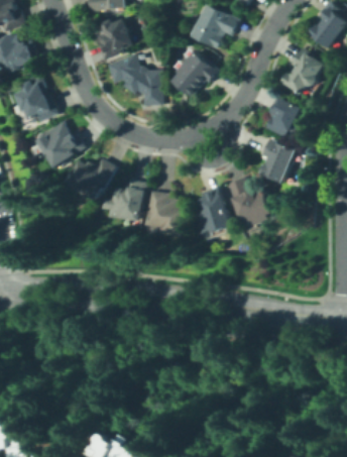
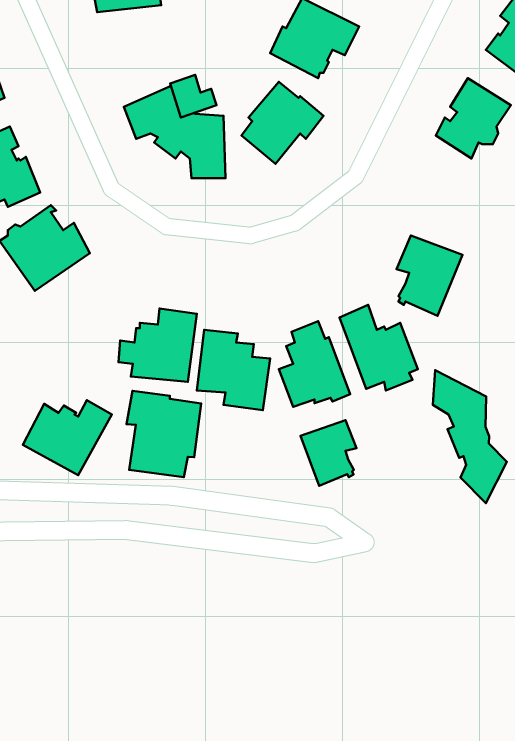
building: [92,19,133,61] -> none
building: [264,97,300,138] -> none
building: [66,158,116,201] -> [23,400,112,475]
building: none -> [433,370,507,503]
building: none -> [126,391,201,477]
building: none -> [300,420,356,486]

